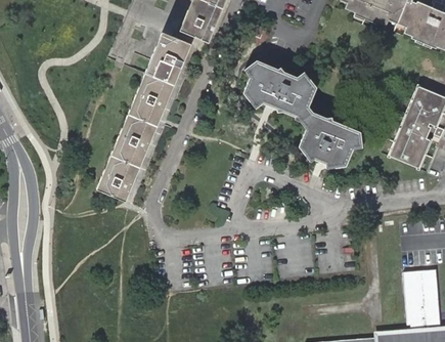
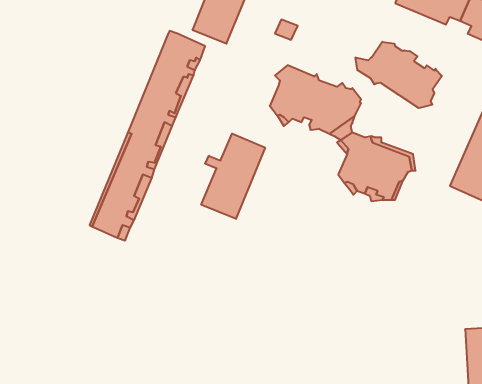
building: none -> [356,42,442,108]
building: none -> [201,134,265,219]

